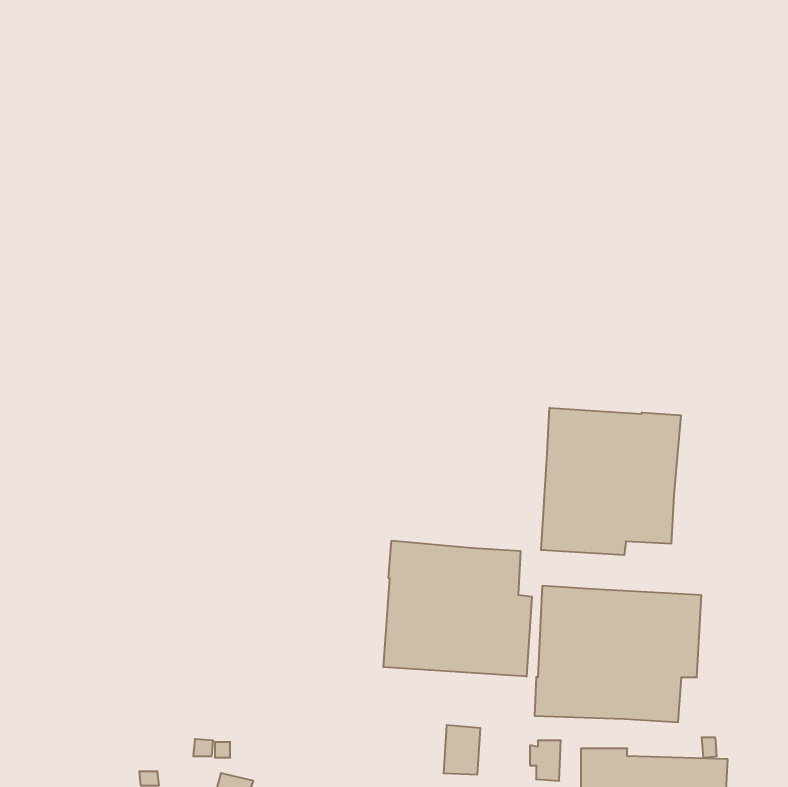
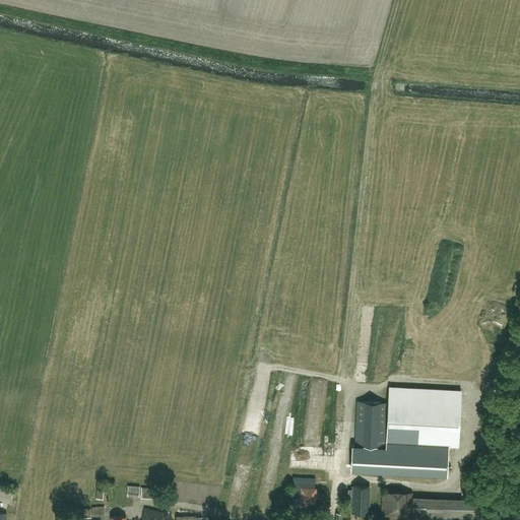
building: [541,408,681,555] -> none
building: [384,541,532,677] -> none

